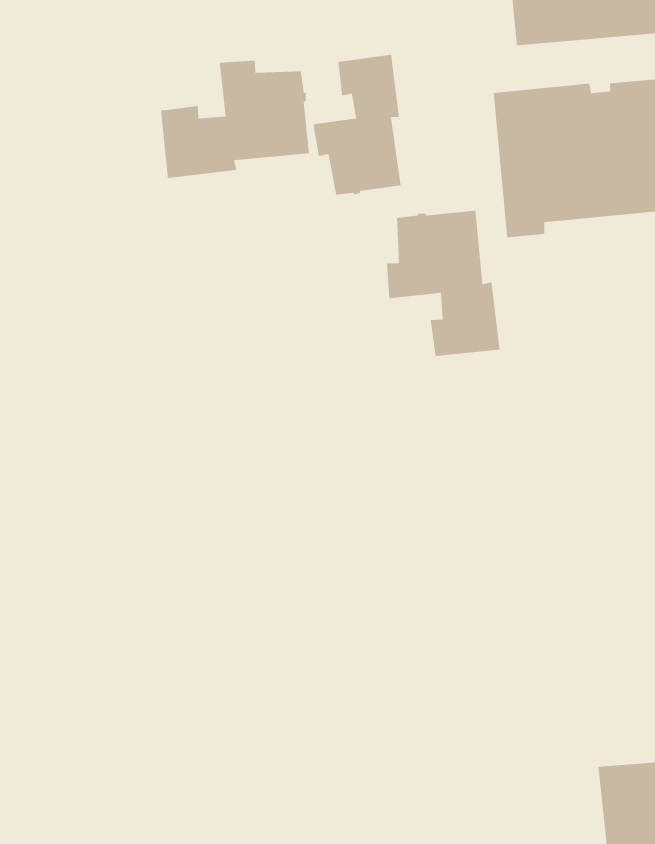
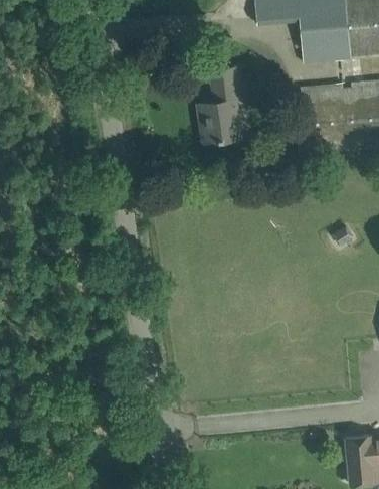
building: [160,60,310,179] -> none
building: [386,210,501,357] -> none

